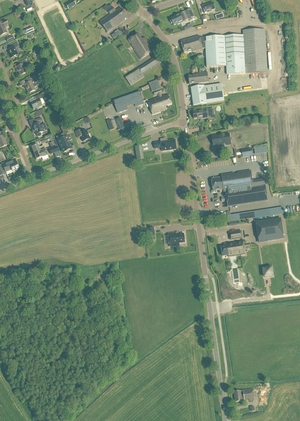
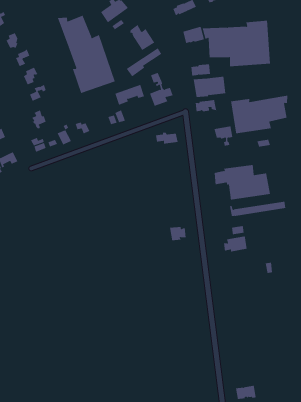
building: none -> [57,15,115,94]
building: none -> [231,95,288,134]
building: [256,217,284,241] -> none

